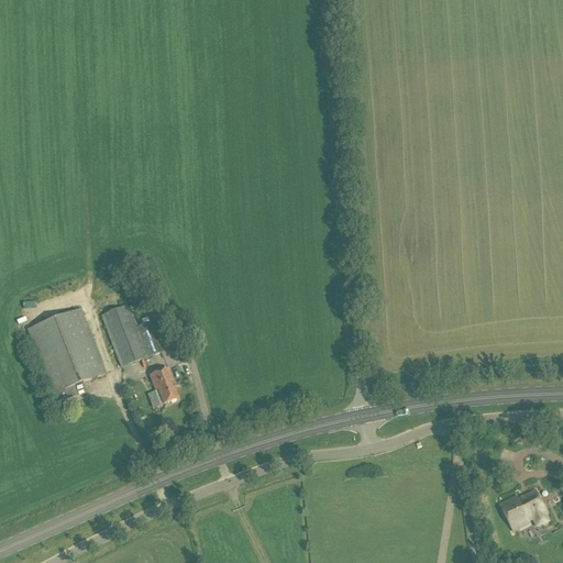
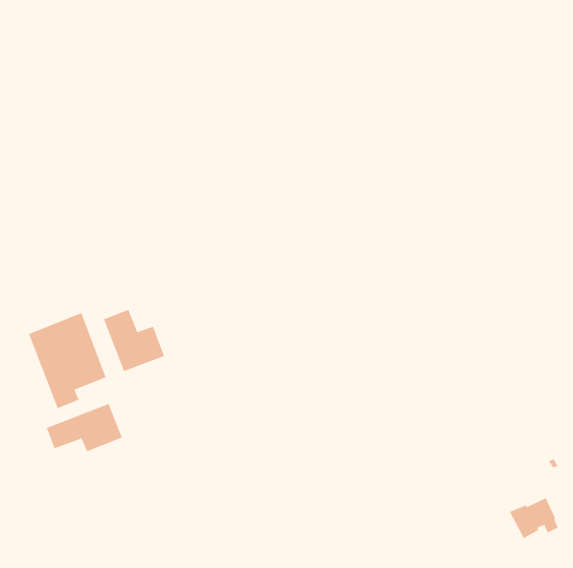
building: [150,366,178,401] -> none
building: none -> [46,403,123,452]

